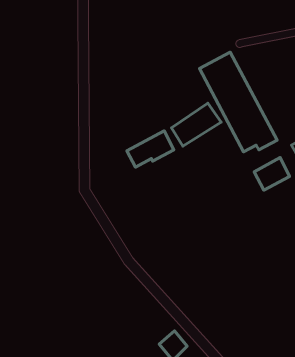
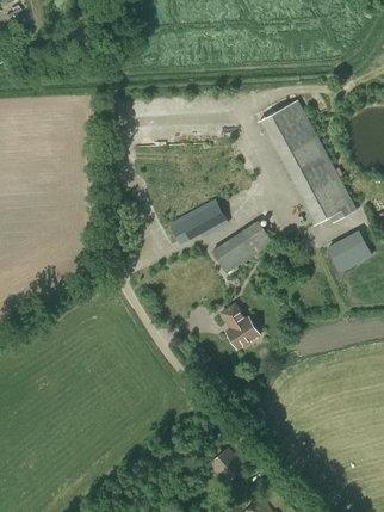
building: [171,103,221,146] -> [212,220,274,273]
building: none -> [222,304,256,348]

